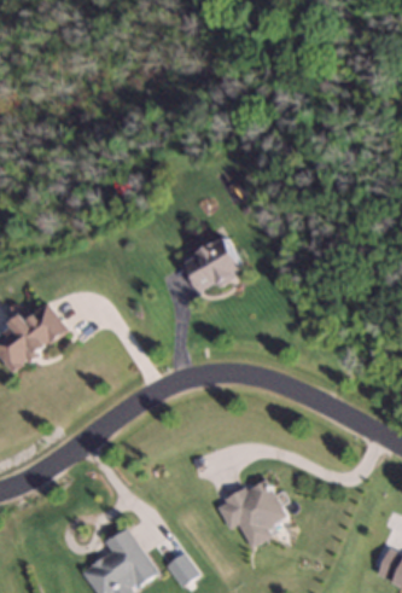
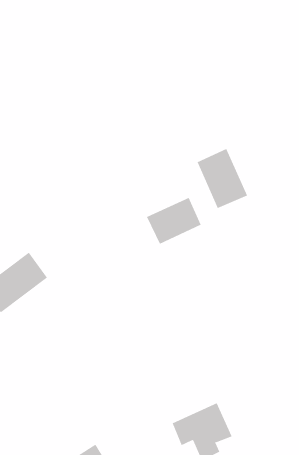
building: none -> [197,148,248,209]

